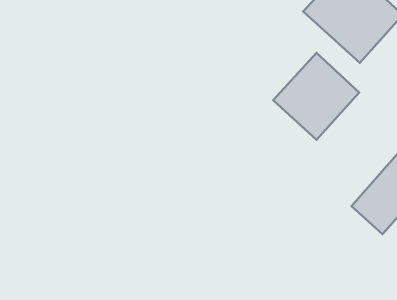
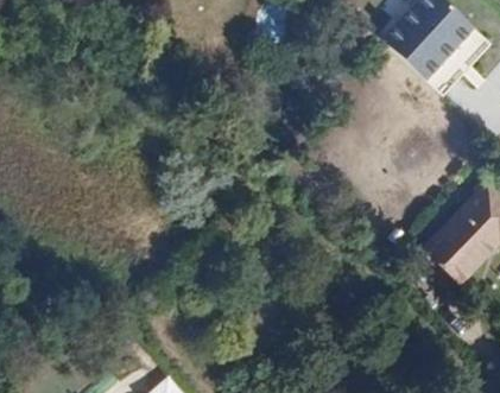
building: [273,53,359,140] -> none

